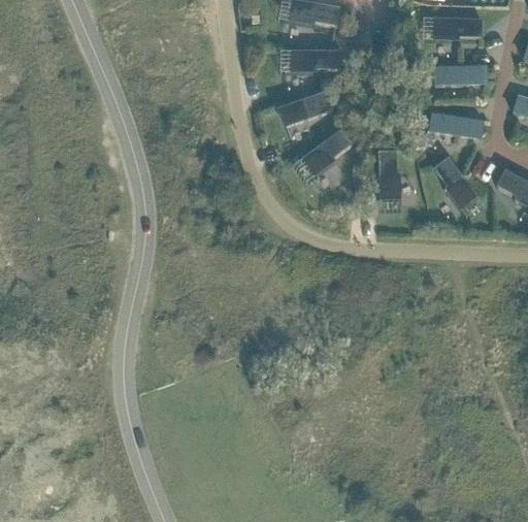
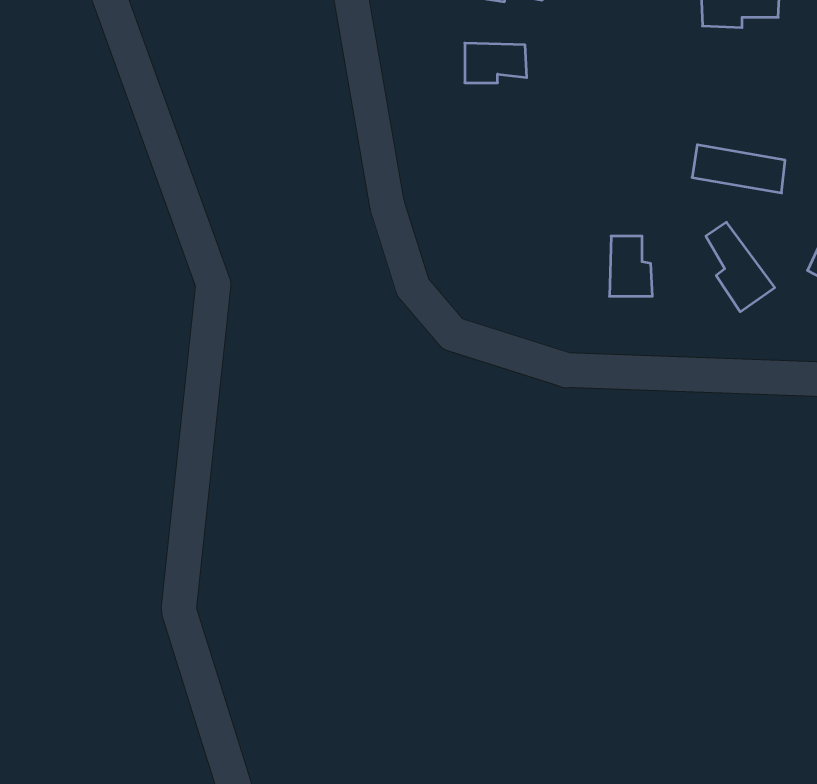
building: [432,67,487,87] -> none
building: [277,93,327,126] -> none
building: [302,135,345,176] -> none

